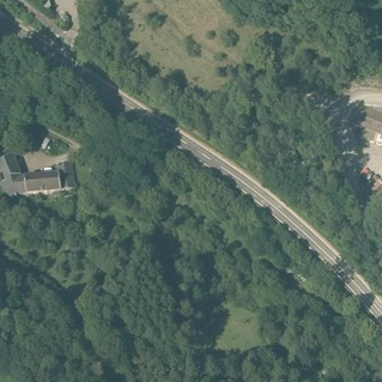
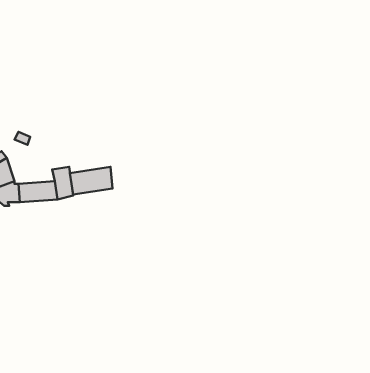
building: none -> [70,167,112,195]

